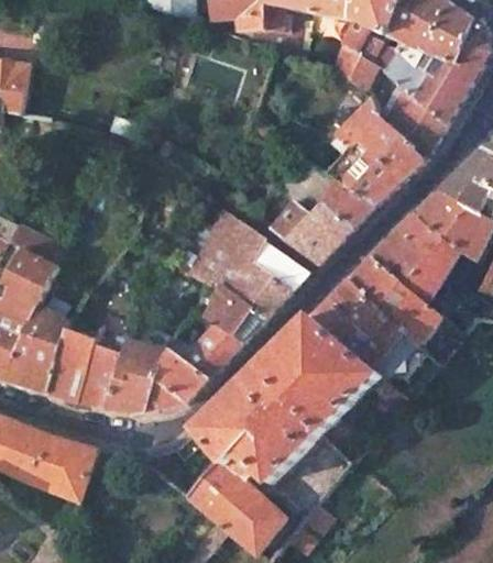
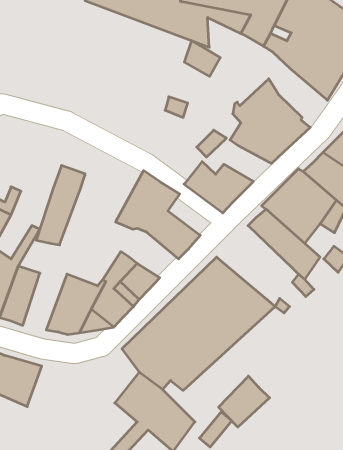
building: [335,44,379,88] -> [184,40,220,76]
building: [386,86,446,157] -> none
building: [319,179,375,223] -> none
building: [251,241,308,289] -> none
building: [310,277,403,367] -> none
building: [204,285,264,341] -> none
building: [74,308,133,405] -> [36,166,85,245]
building: none -> [219,376,270,427]

